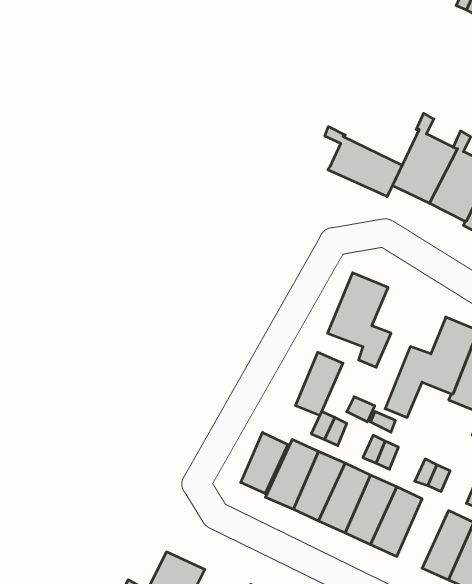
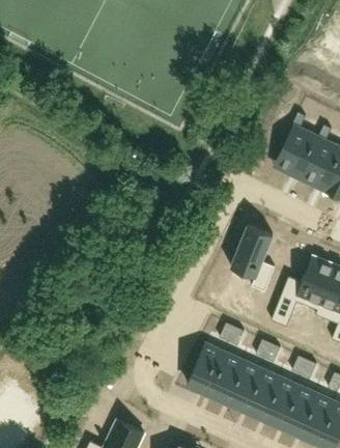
building: [325,127,402,197] -> none
building: [296,352,343,416] -> none
building: [241,432,288,494] -> none
building: none -> [279,384,315,432]

